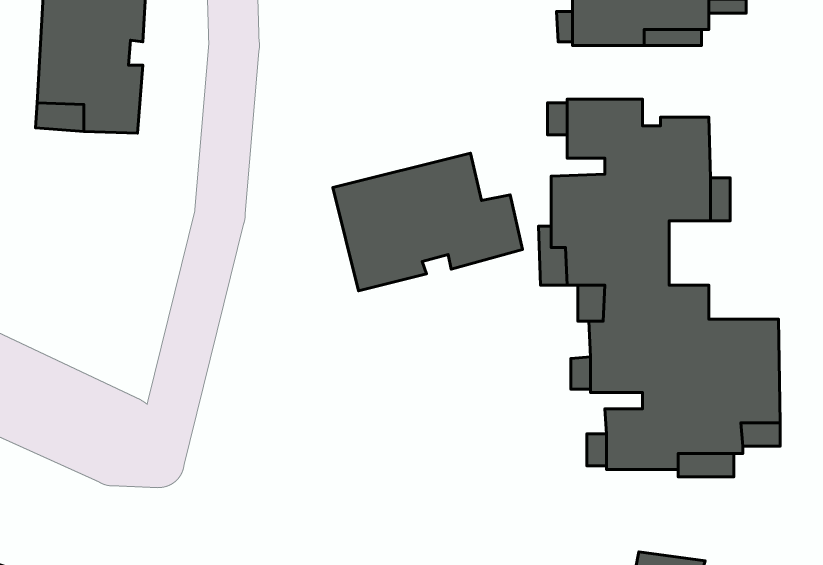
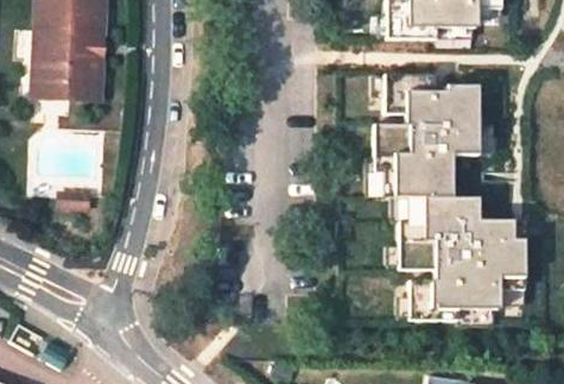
building: [333,153,522,291] -> none

